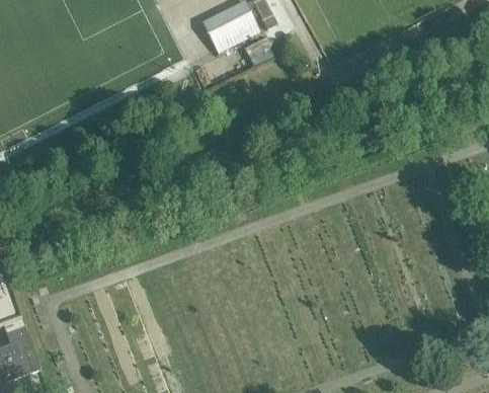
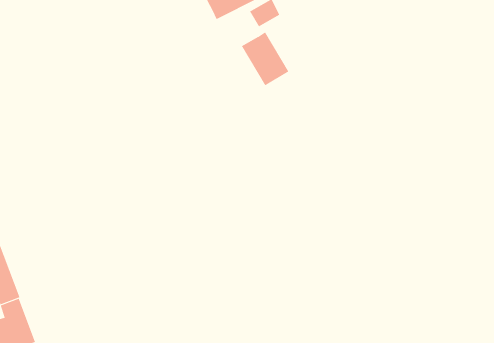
building: none -> [241,31,289,86]

